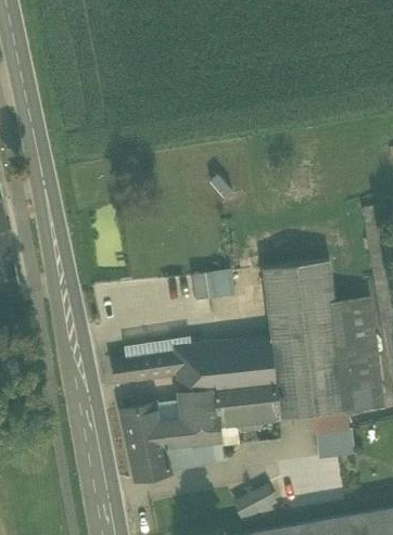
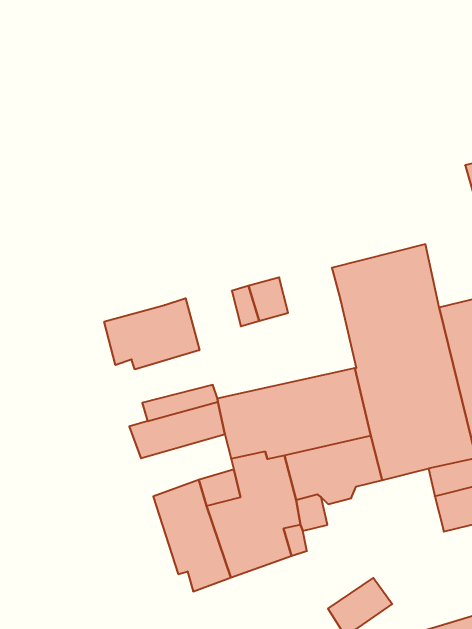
building: none -> [104,298,199,369]

